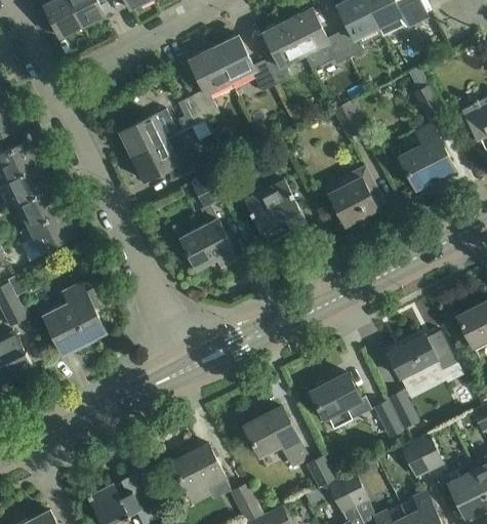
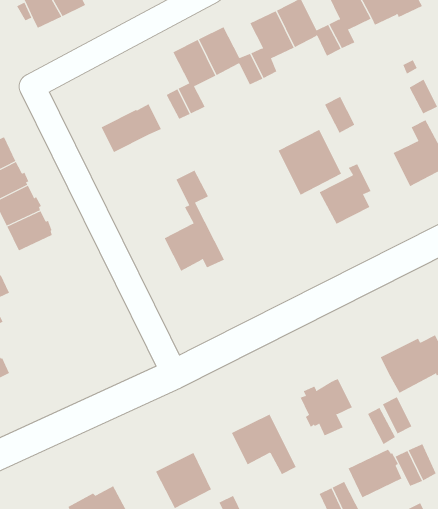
building: [131,138,196,180] -> none
building: [244,179,306,243] -> [278,129,342,195]
building: [43,284,105,353] -> none
building: none -> [348,449,402,498]
building: [306,454,335,487] -> none

